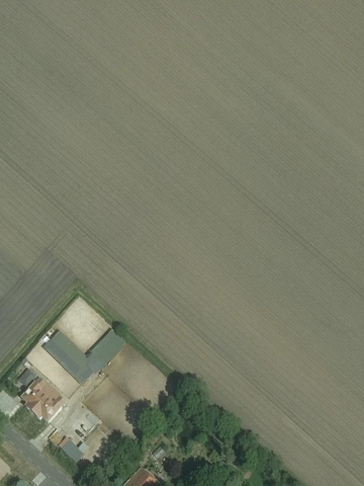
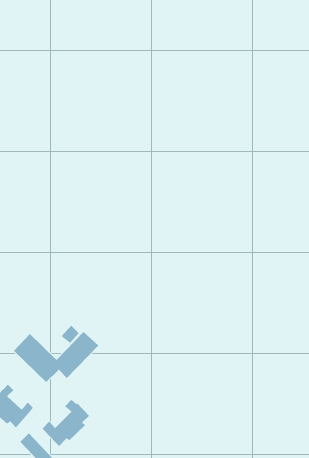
building: none -> [42,399,90,447]

